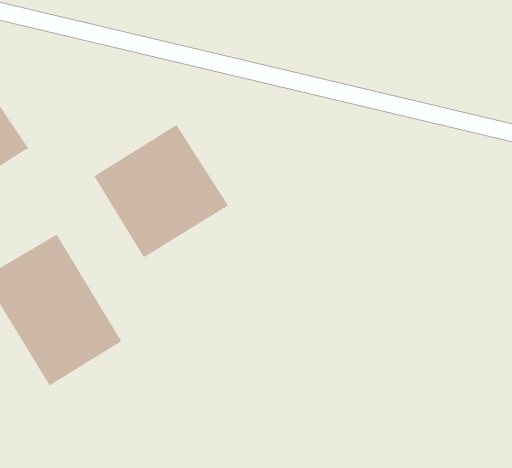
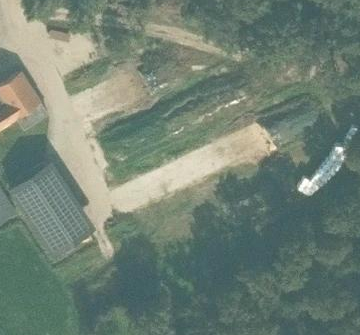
building: [93,124,229,258] -> none

